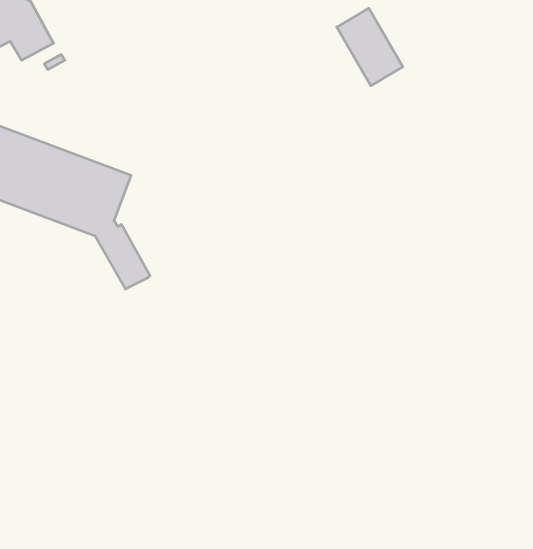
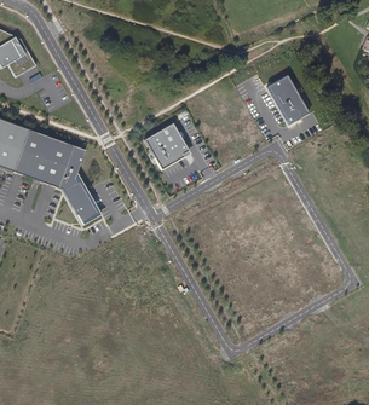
building: [337,8,403,86] -> [266,74,309,123]
building: none -> [144,123,189,169]

